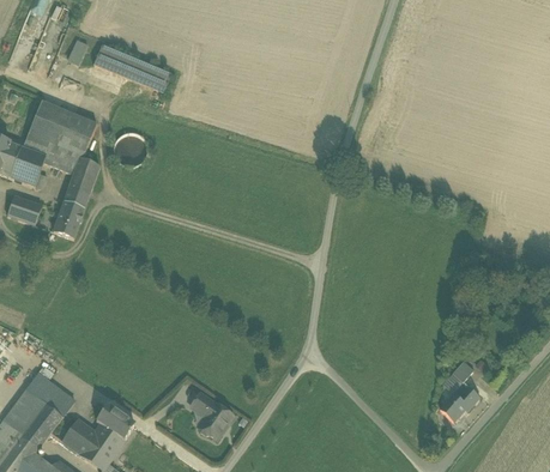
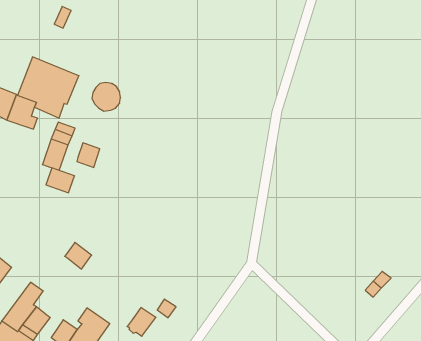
building: [92,44,170,93] -> none
building: [71,157,98,187] -> [77,143,100,167]
building: [6,194,41,224] -> [46,168,75,193]
building: [41,385,73,417] -> [65,242,92,269]
building: [440,386,479,422] -> none
building: [197,404,231,438] -> [127,308,156,336]

